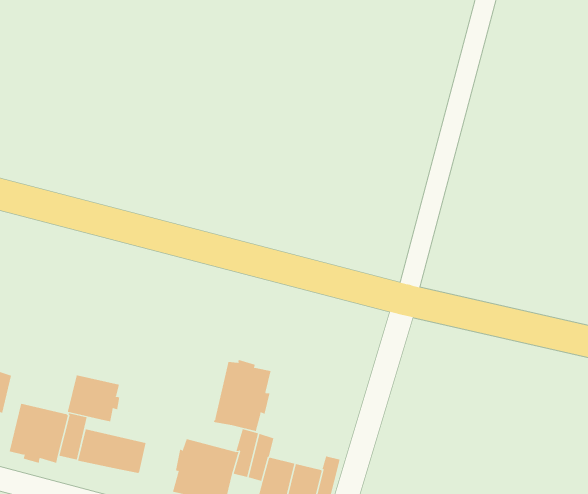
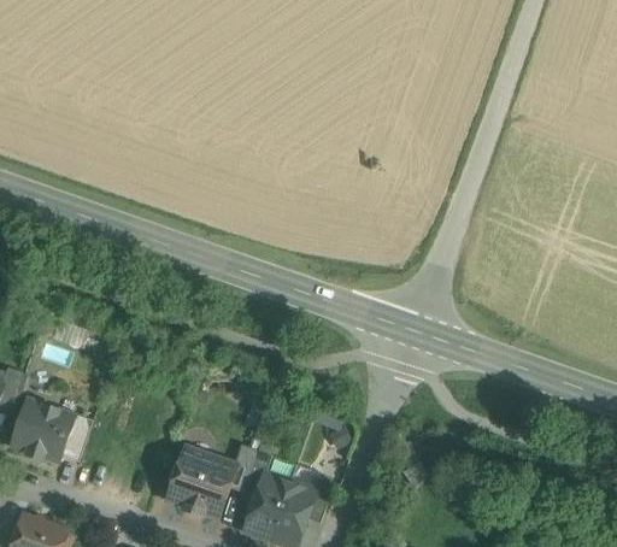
building: [213,359,271,432] -> none
building: [67,374,120,422] -> none
building: [77,429,146,474] -> none

